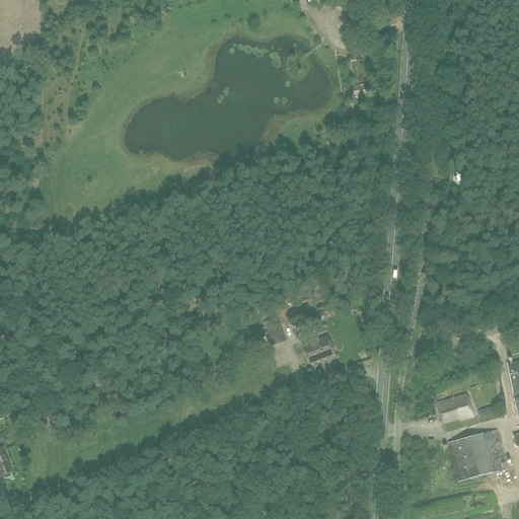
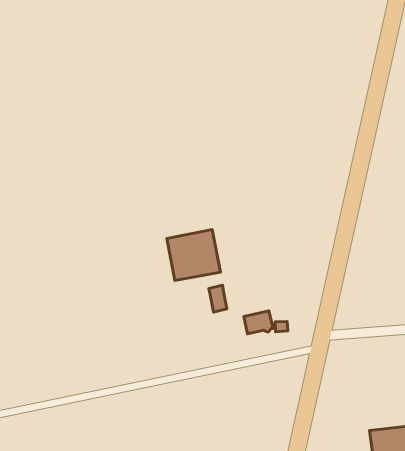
building: none -> [167,229,221,281]
building: [436,393,473,423] -> none

